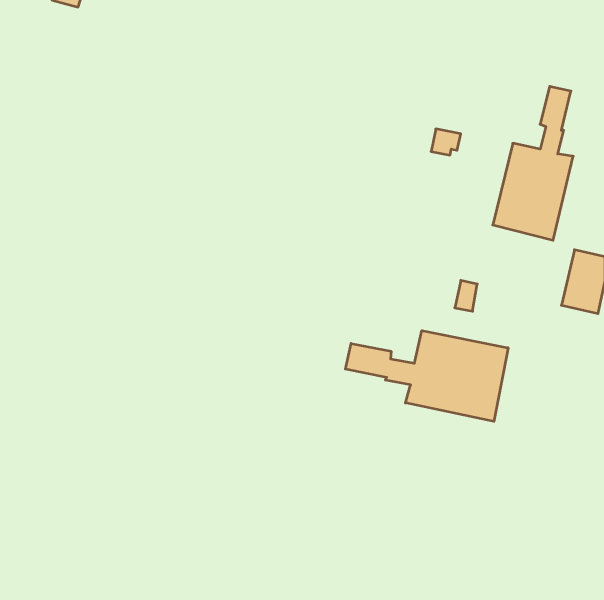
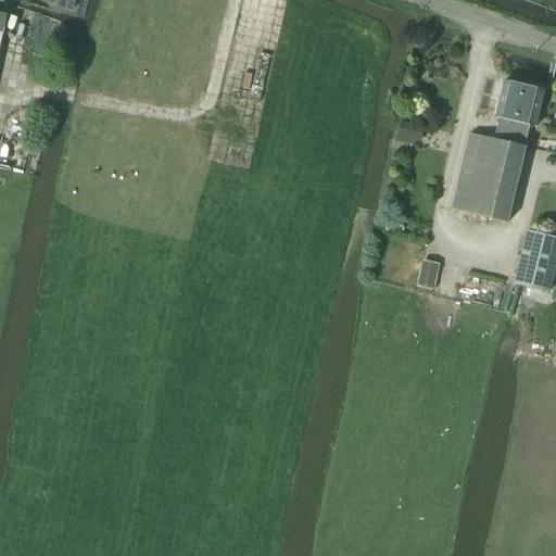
building: none -> [513,84,545,143]
building: [345,331,508,421] -> none

